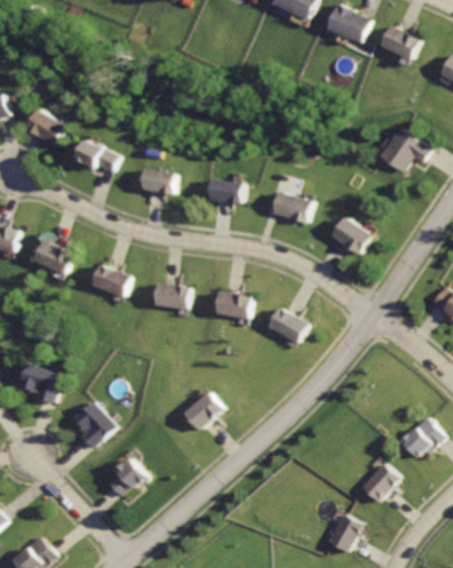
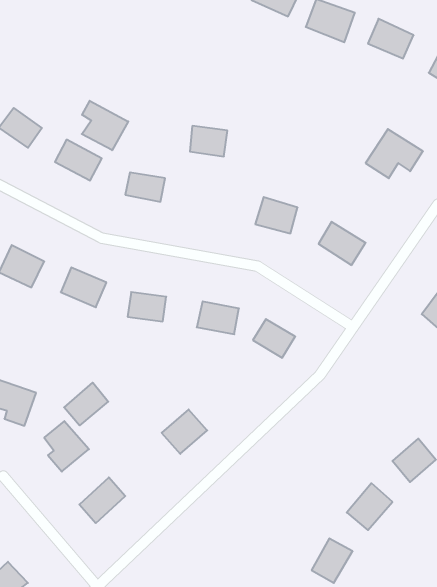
building: none -> [82,101,128,150]
building: [211,175,246,204] -> [190,126,227,156]
building: none -> [64,383,108,425]

